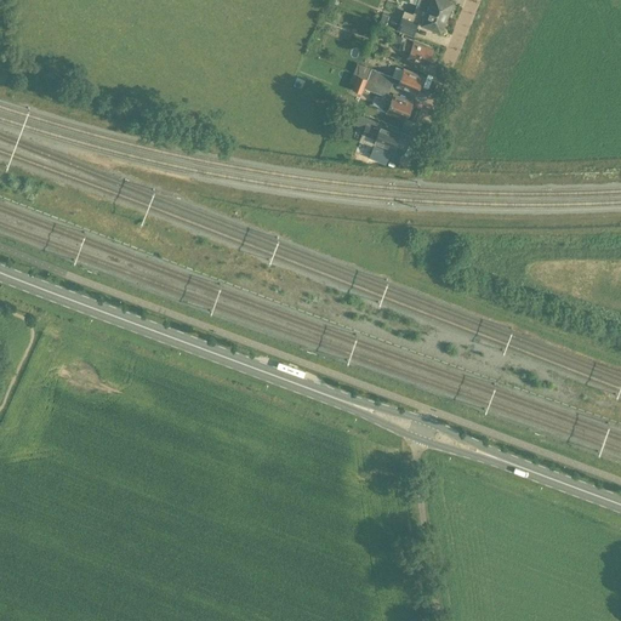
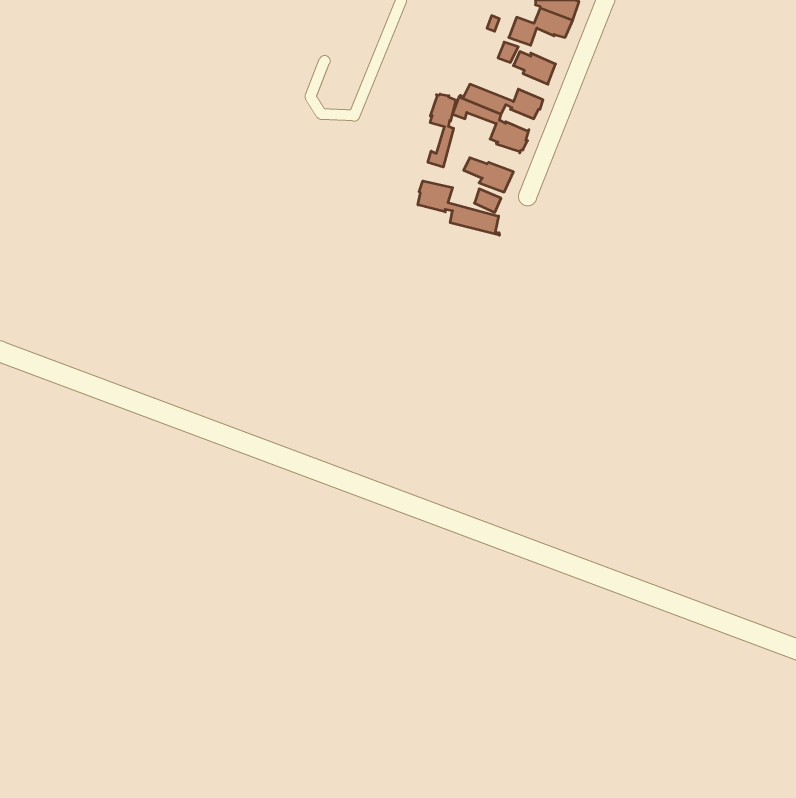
building: none -> [428,94,458,167]
building: none -> [418,181,499,235]

